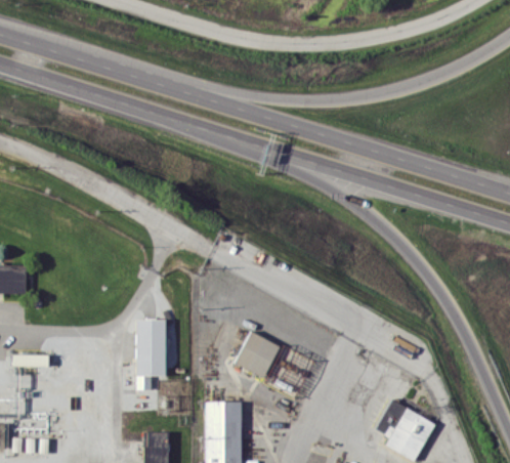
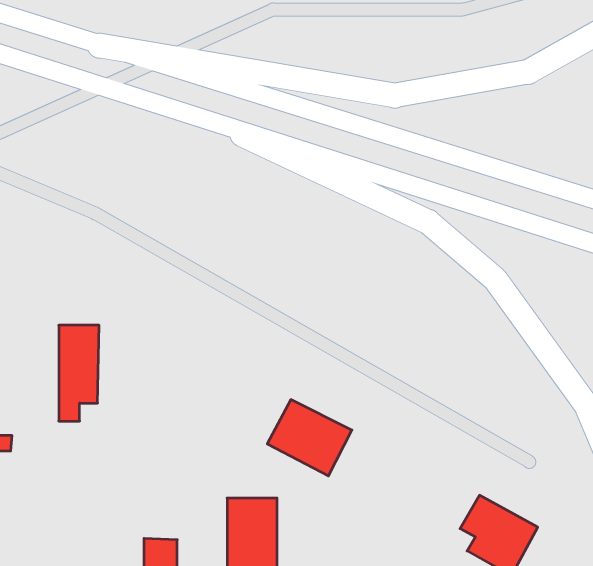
building: [136,321,166,391] -> [59,325,99,421]

